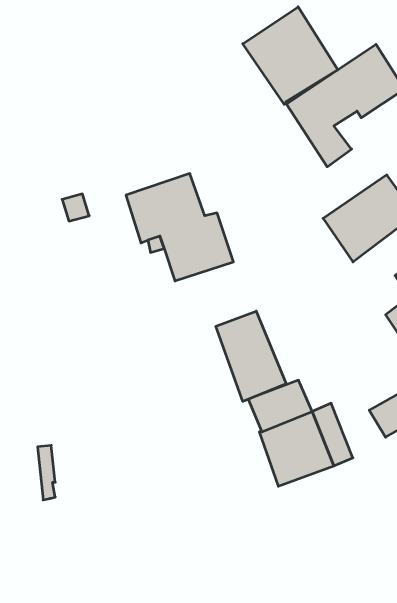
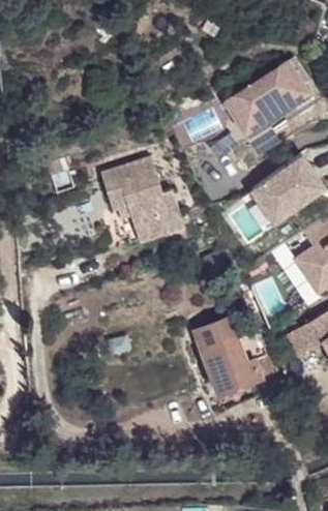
building: [243,7,338,104] -> none
building: [216,311,286,401] -> none

